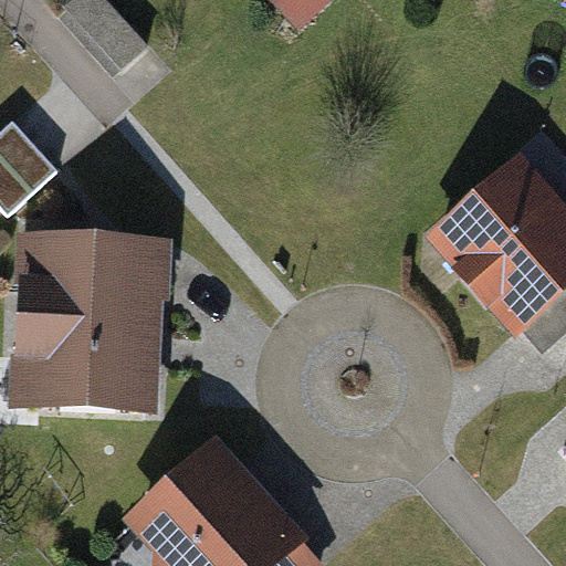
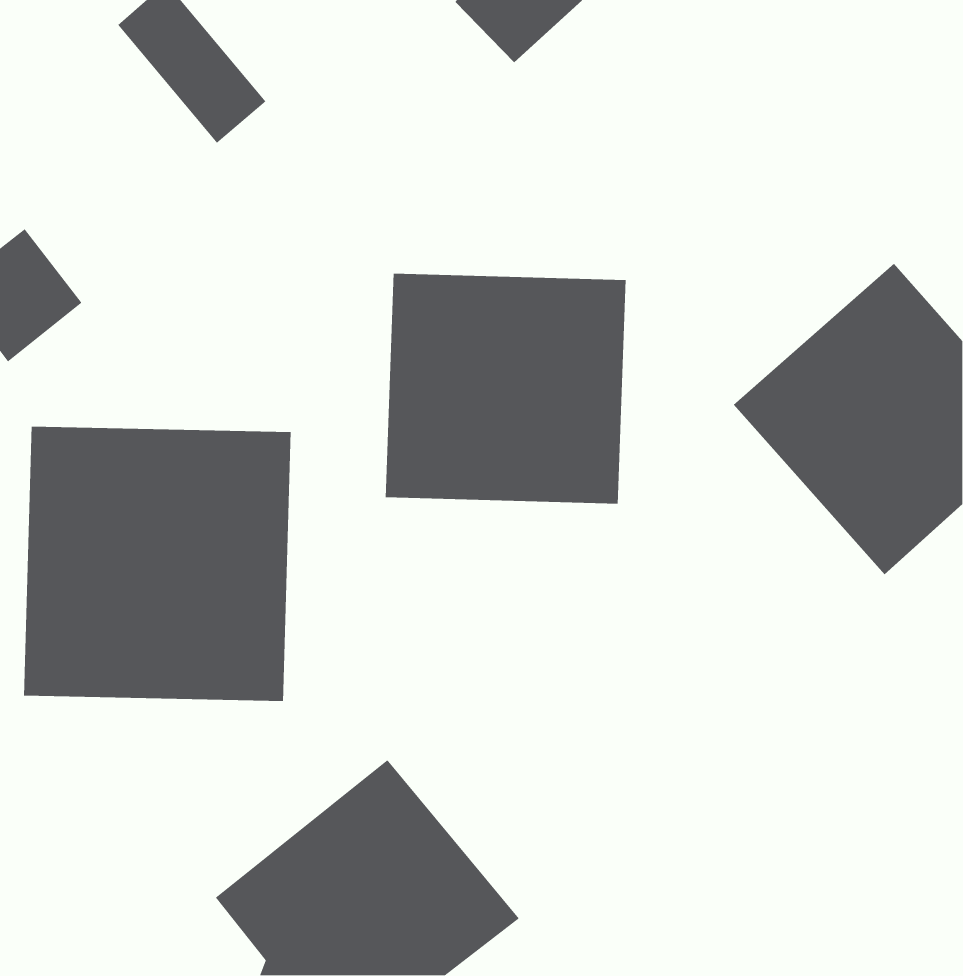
building: none -> [385,273,626,504]

